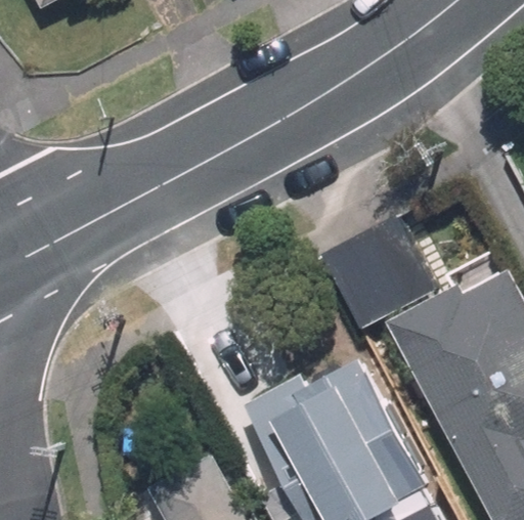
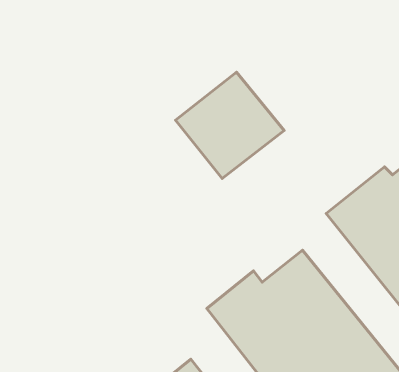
building: [320,218,437,332] -> [175,72,284,179]

